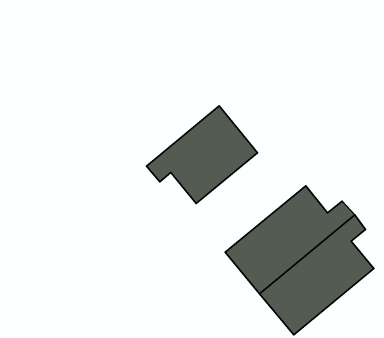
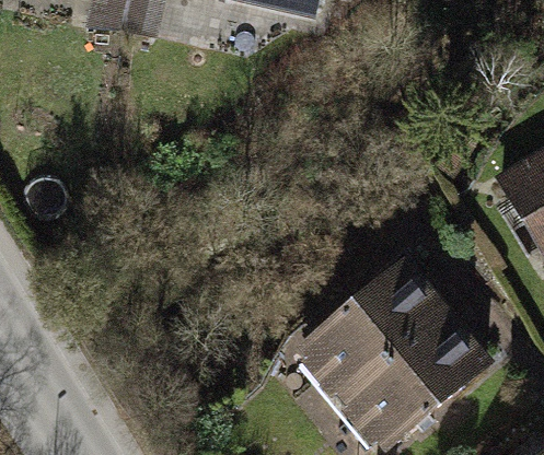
building: [146,106,257,203] -> none

